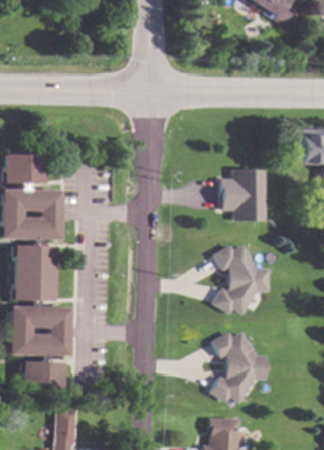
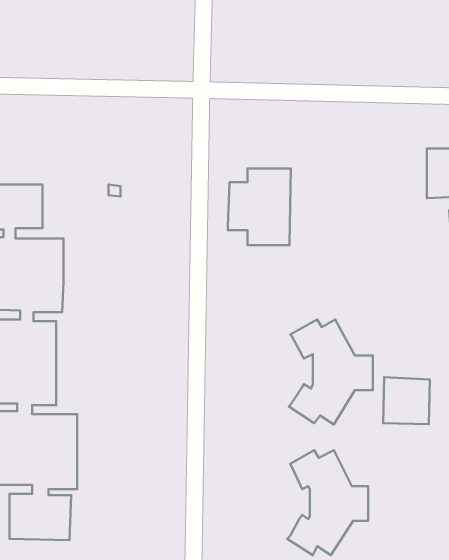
building: [219,170,262,221] -> [228,169,291,245]
building: none -> [383,377,430,424]

